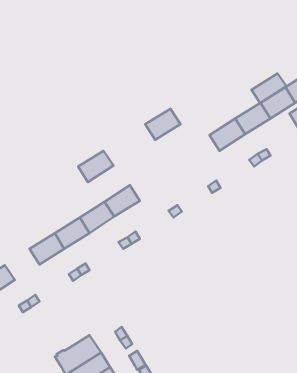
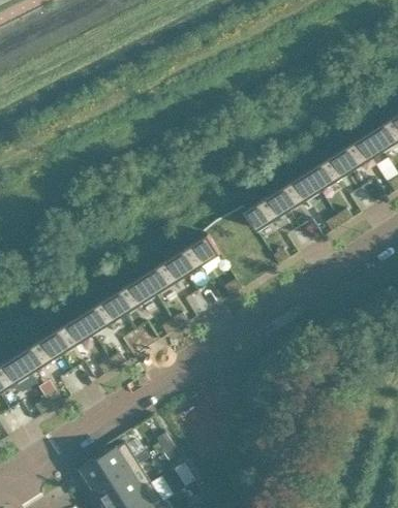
building: [252,73,286,103] -> none
building: [145,109,181,140] -> [242,191,286,230]
building: [78,151,113,182] -> [174,234,218,274]
building: none -> [17,334,60,373]

